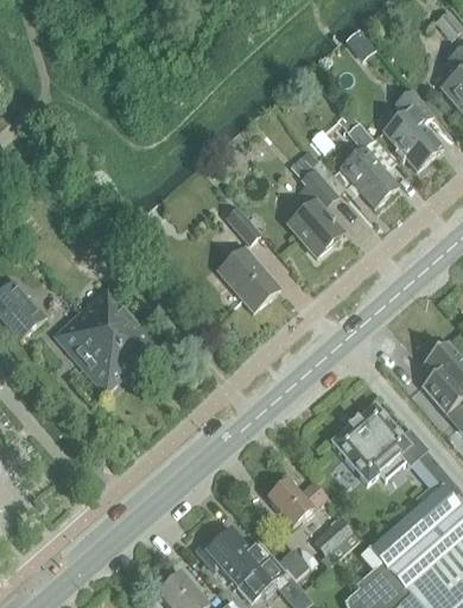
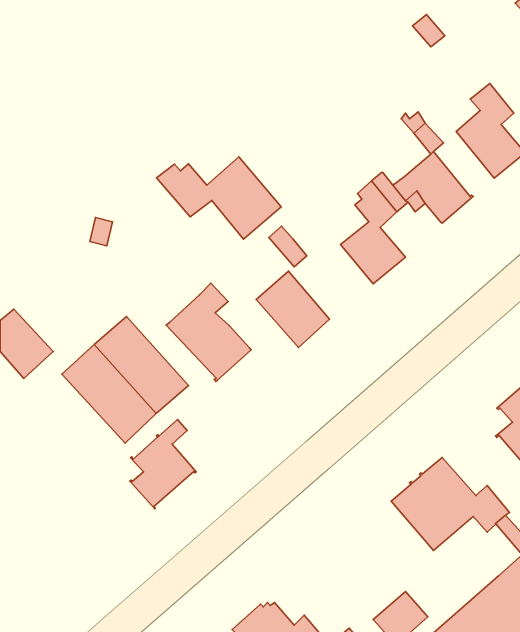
building: none -> [157,157,281,239]
building: none -> [166,283,251,381]
building: none -> [130,420,196,509]
building: [265,476,329,526] -> none

